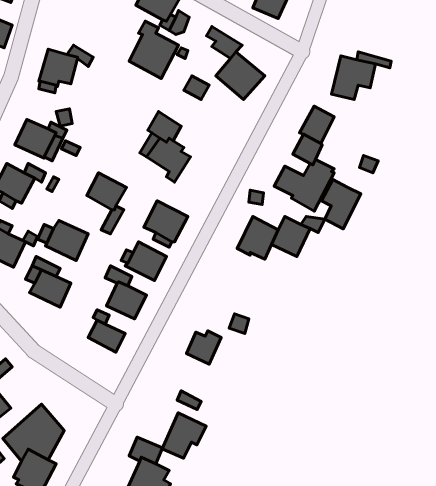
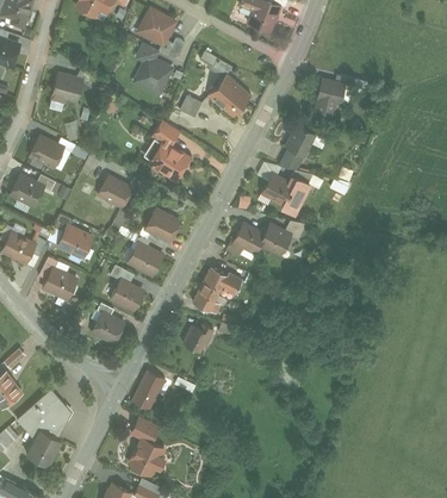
building: [322,179,361,229] -> none
building: none -> [192,264,242,312]
building: [162,413,206,458] -> [131,368,170,409]

